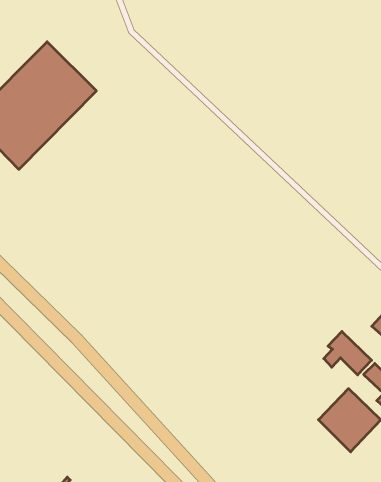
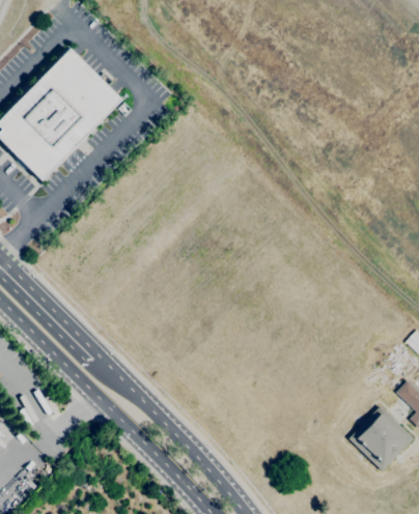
building: [324,331,372,375] -> none

